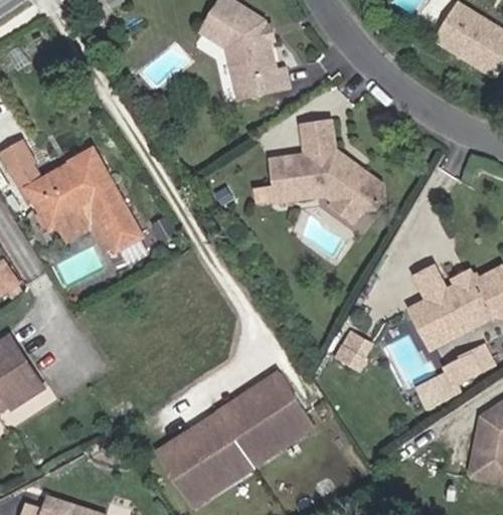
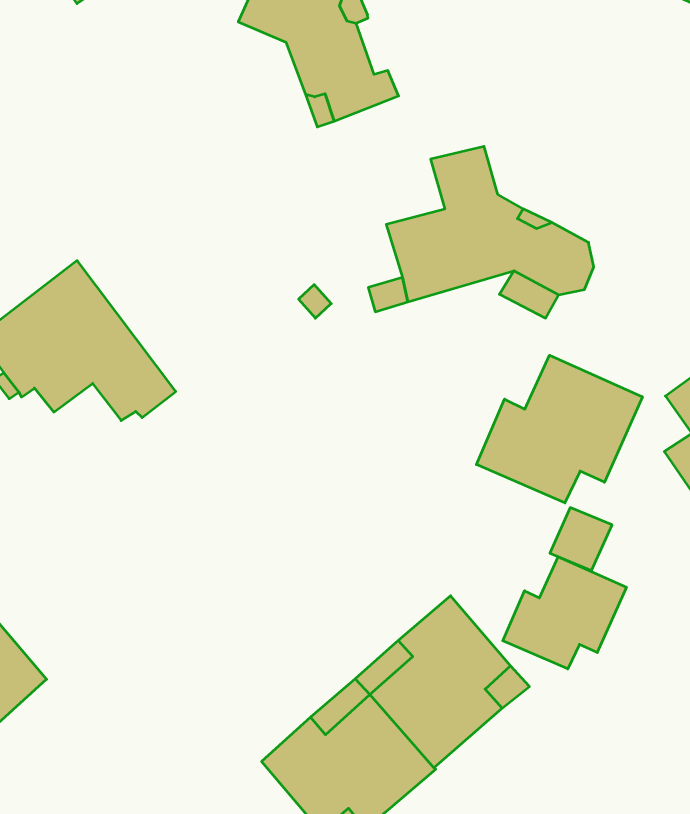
building: none -> [476,355,642,503]
building: none -> [503,557,626,669]

